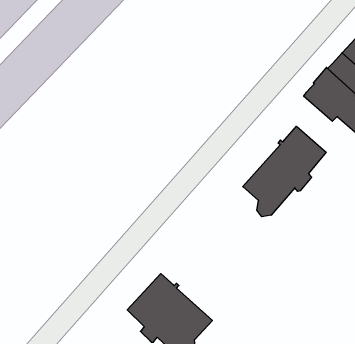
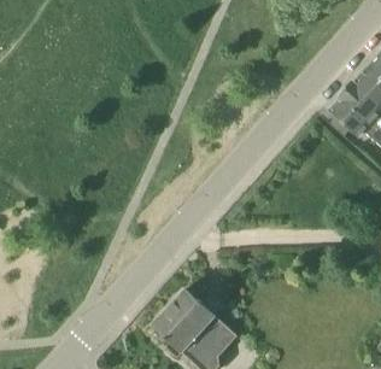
building: [243,126,326,217] -> none

